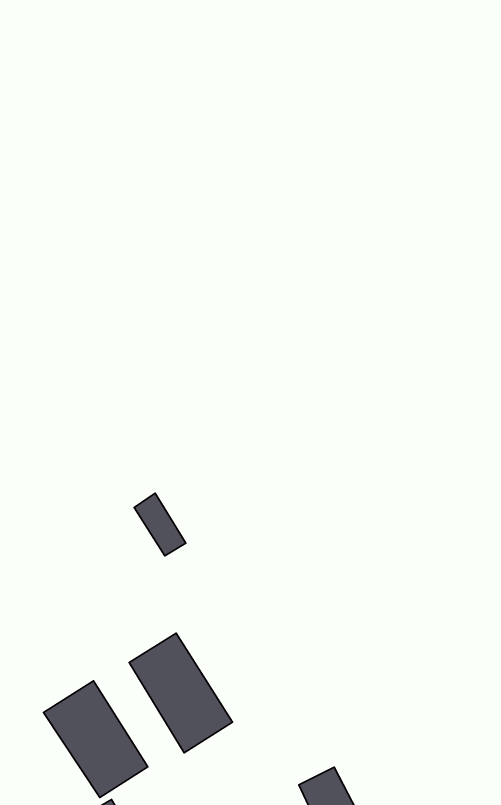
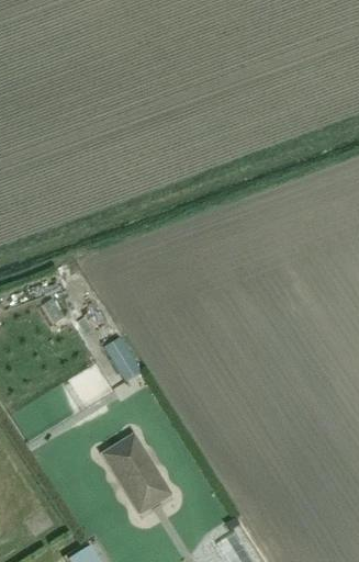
building: [43,681,148,798] -> none

